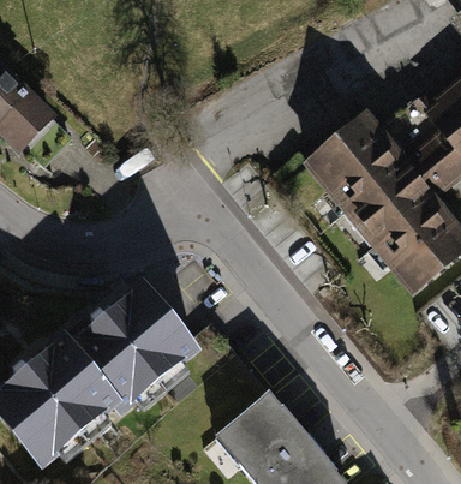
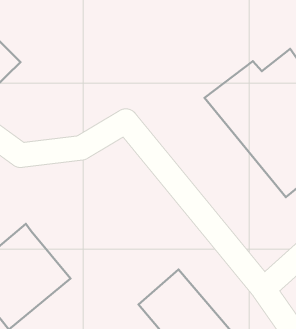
building: [70,281,202,411] -> none

